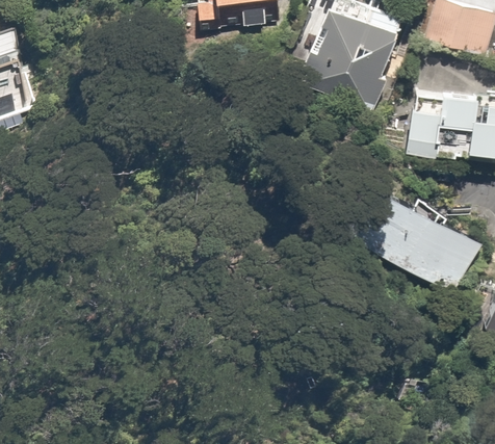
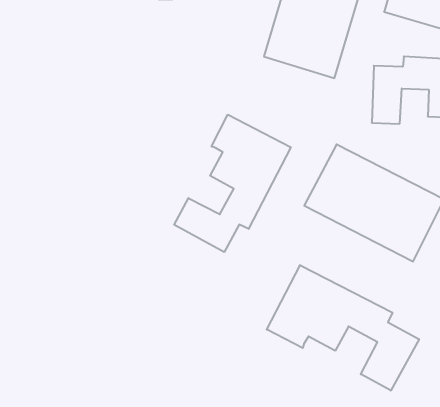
building: none -> [174,115,291,252]
building: none -> [267,265,419,391]

